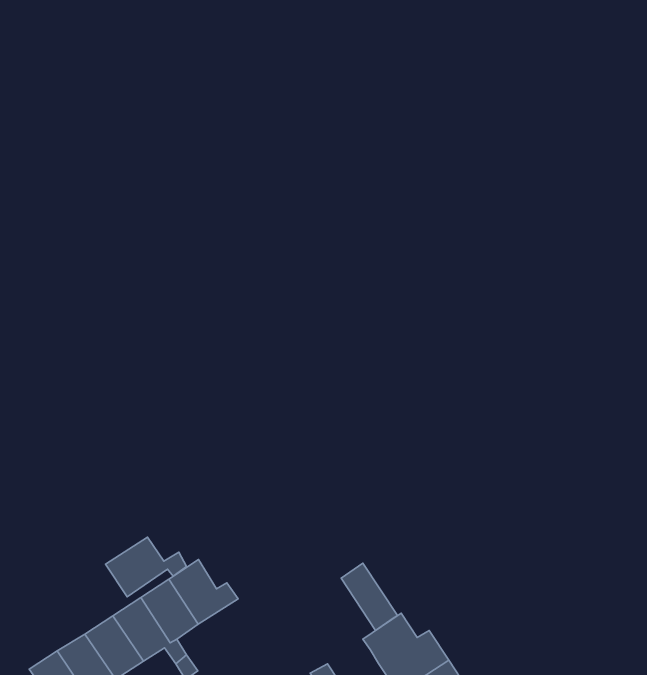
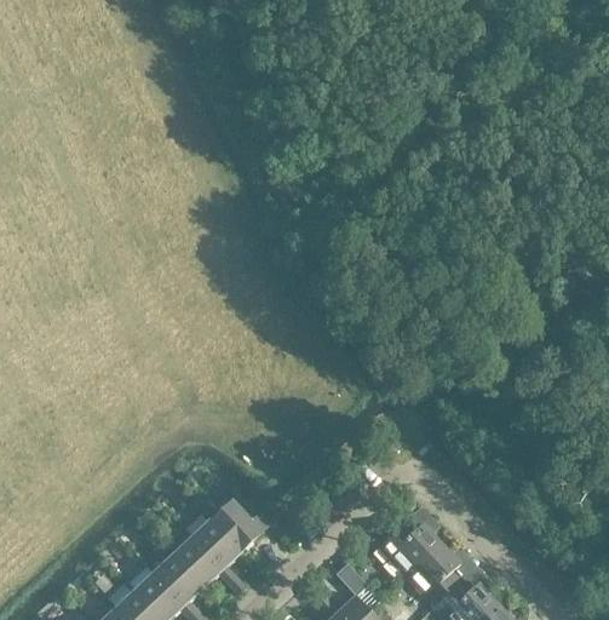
building: [106,537,187,597] -> none
building: [341,563,397,630] -> none

